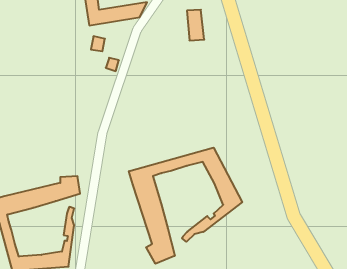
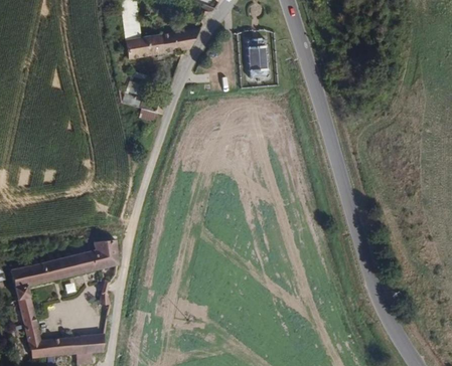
building: [129,148,242,264] -> none

